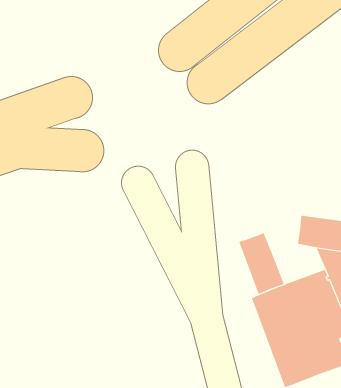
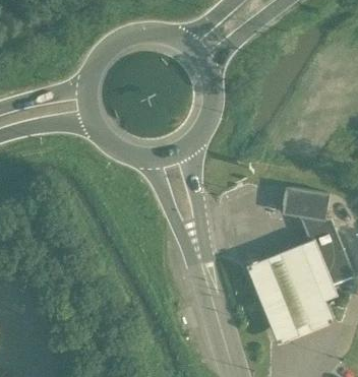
building: [238,233,284,295] -> none

